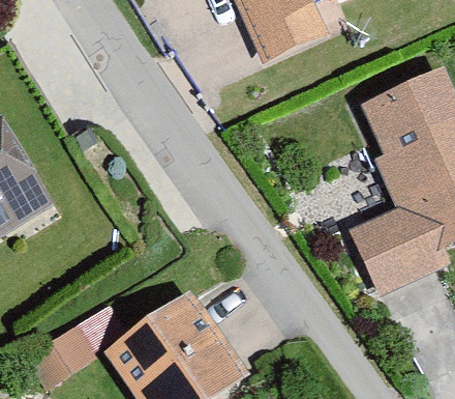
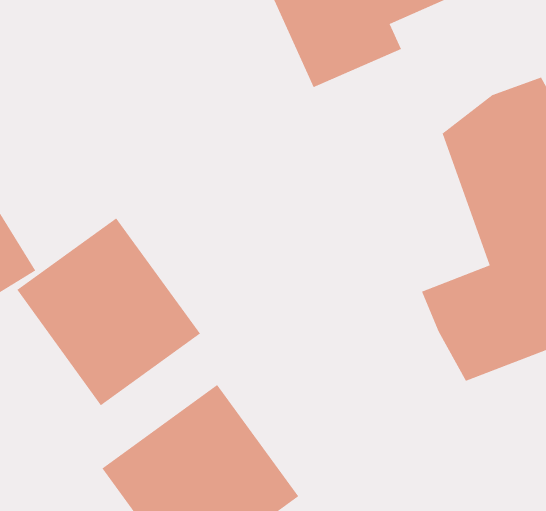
building: none -> [16,217,201,406]

